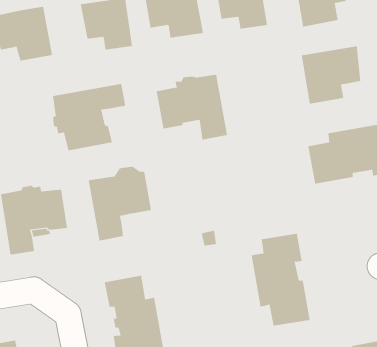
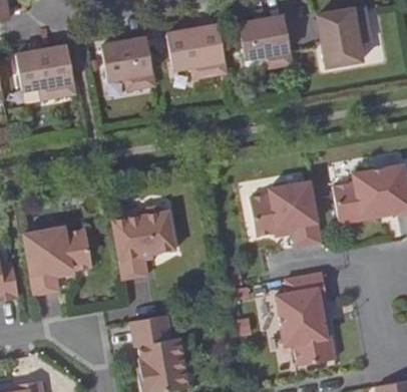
building: [301,46,361,104] -> none
building: [156,74,228,140] -> [249,180,321,247]
building: [52,83,126,151] -> none

